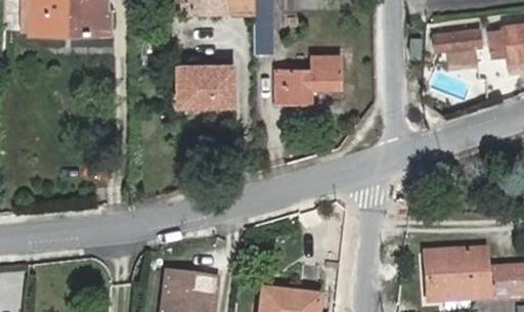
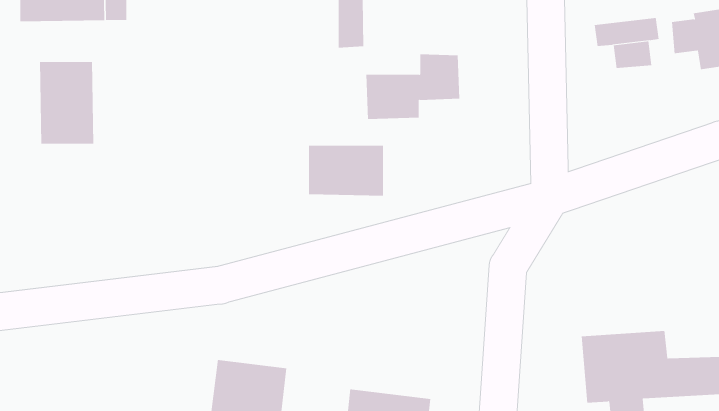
building: none -> [40,61,94,145]
building: [177,66,230,102] -> [308,145,384,196]

